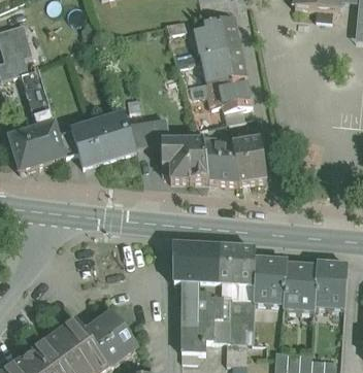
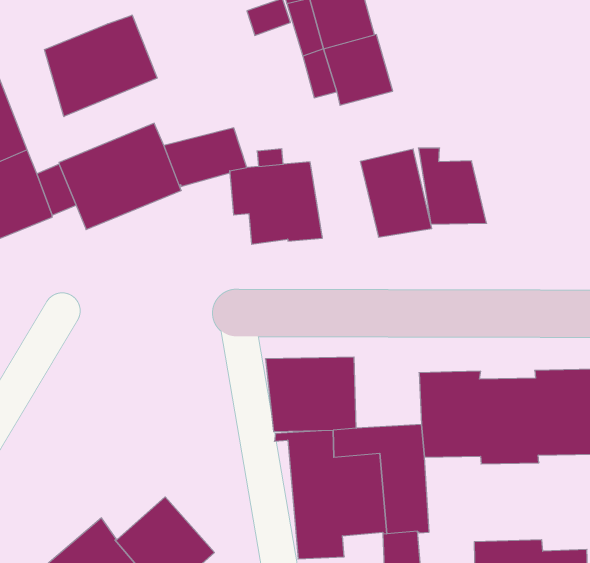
building: none -> [44,15,157,117]
building: [205,138,238,181] -> [418,148,487,224]
building: [218,244,254,283] -> none

